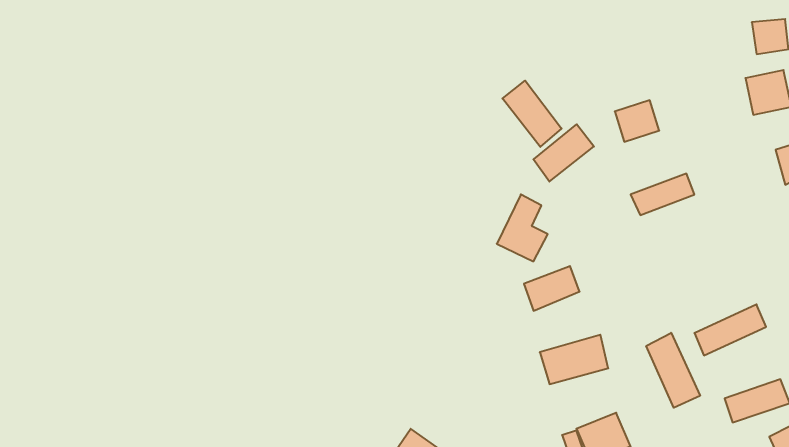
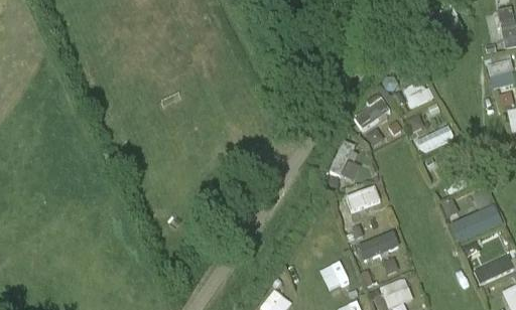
building: [502,81,562,147] -> none
building: [646,333,700,408] -> none

